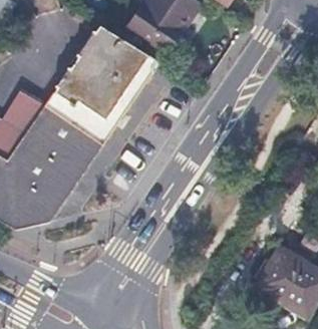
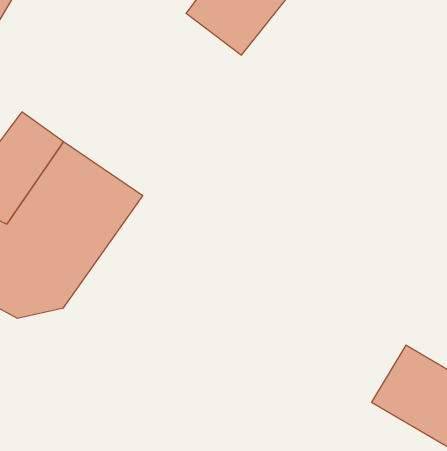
building: [43,25,162,144] -> none

